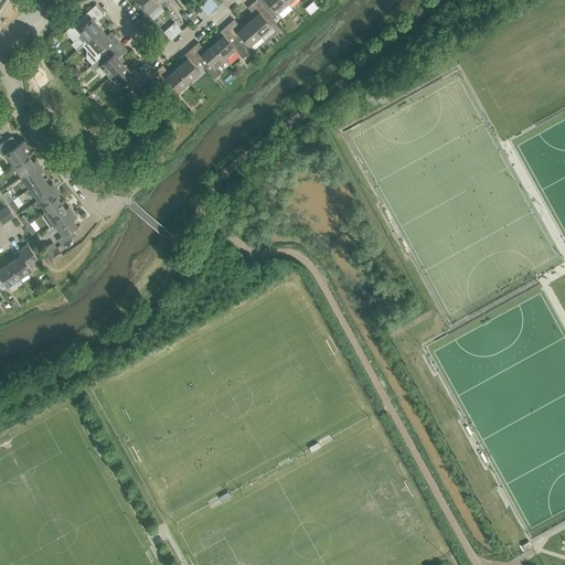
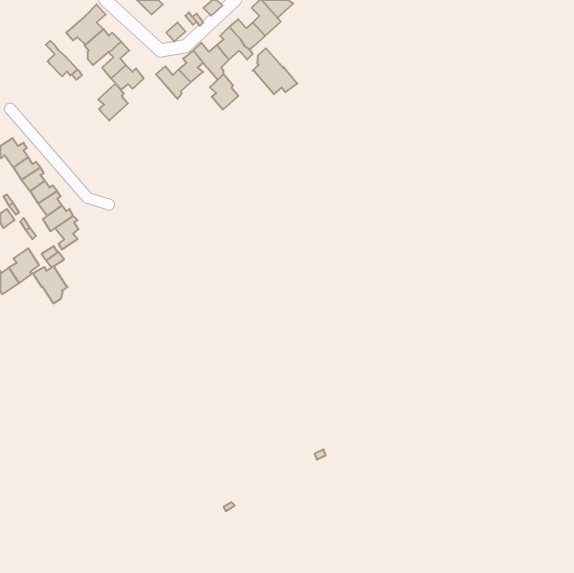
building: none -> [46,41,78,76]
building: none -> [252,48,297,94]
building: none -> [210,74,238,110]
building: none -> [98,83,128,121]
building: none -> [33,266,68,304]

